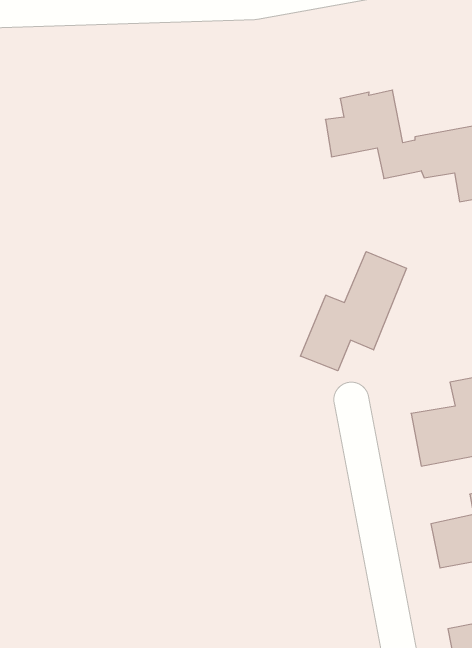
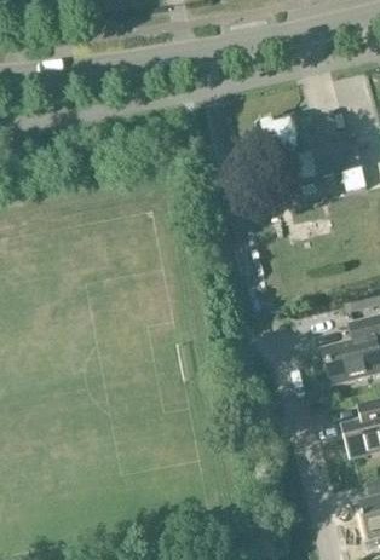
building: [300,252,406,371] -> none

